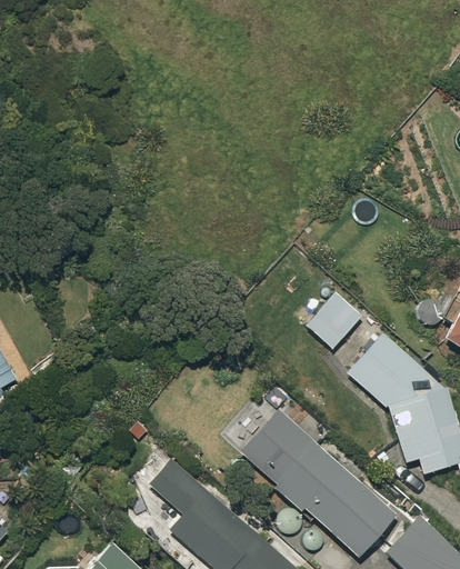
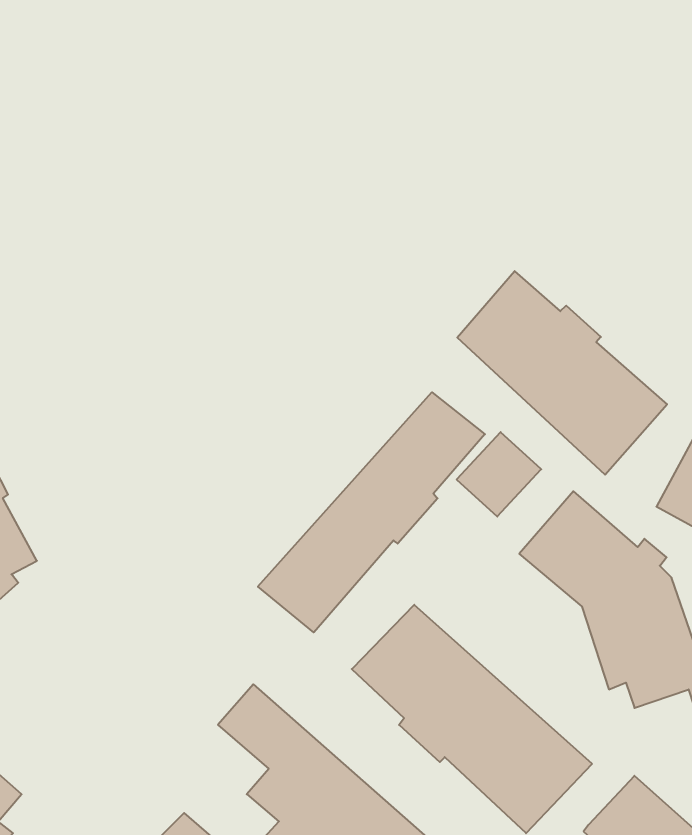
building: none -> [457,271,667,475]
building: none -> [258,392,485,632]

